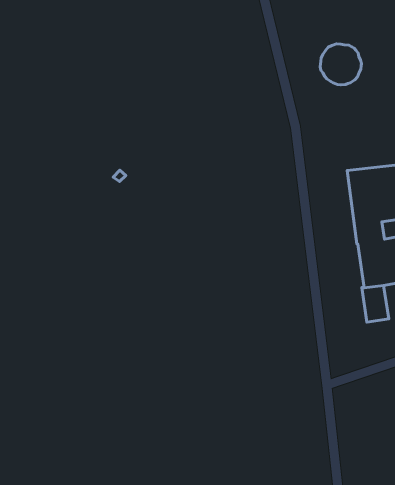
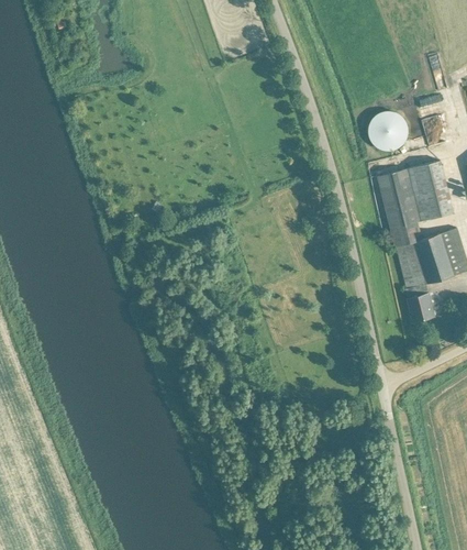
building: [320,44,361,85] -> [368,111,408,151]

